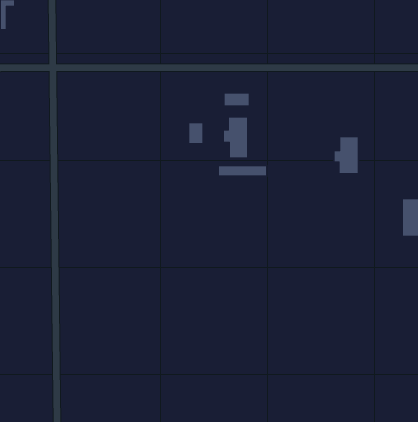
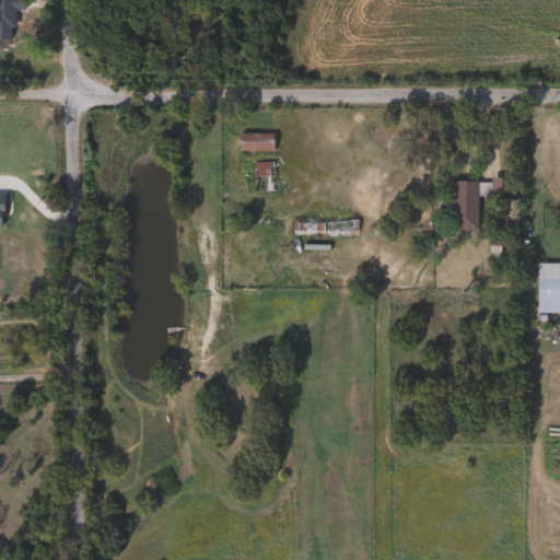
building: [224,93,250,106] -> [241,132,275,150]
building: [223,117,248,158] -> none

